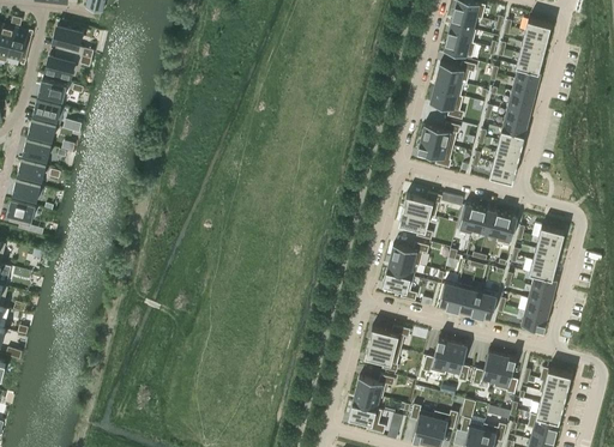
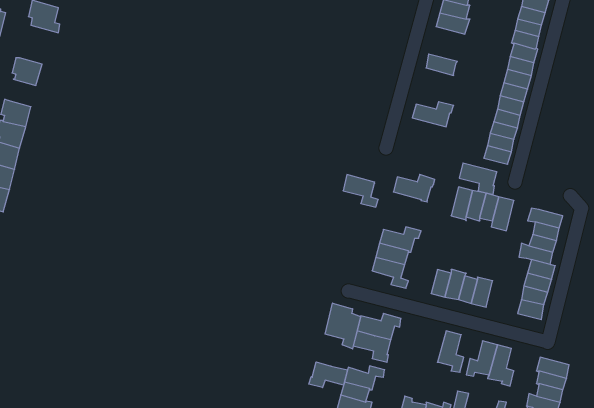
building: [46,49,83,77] -> none
building: [437,61,476,85] -> none
building: [431,90,464,120] -> none
building: [32,99,61,127] -> none
building: [417,138,453,168] -> [459,163,497,194]
building: [399,209,433,240] -> [343,175,378,207]
building: none -> [325,303,361,349]
building: [422,338,453,374] -> none
building: none -> [309,362,347,388]

